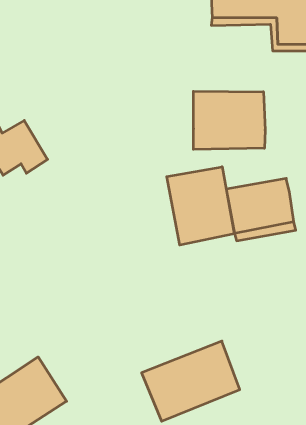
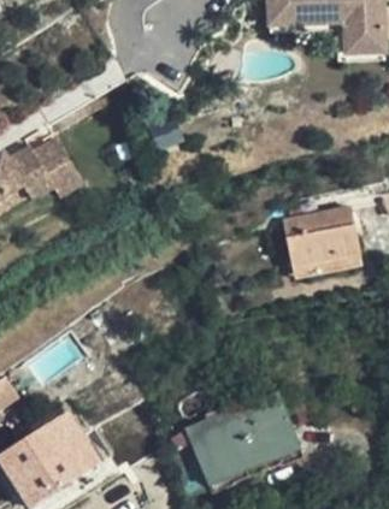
building: [193,91,265,149] -> none
building: [167,167,234,245] -> none

